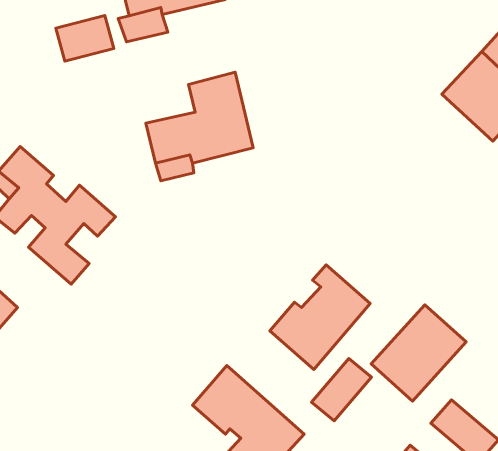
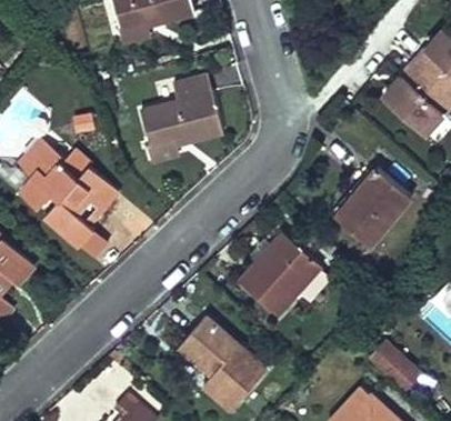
building: [56,15,114,61] -> none
building: [371,305,466,401] -> [329,166,405,243]
building: [311,358,371,421] -> none

